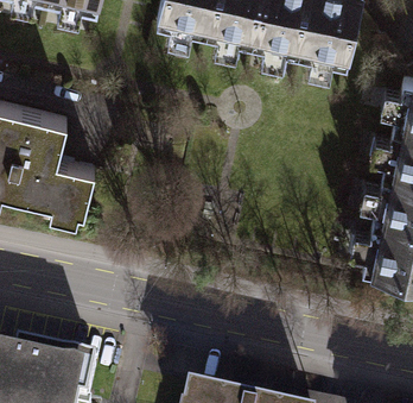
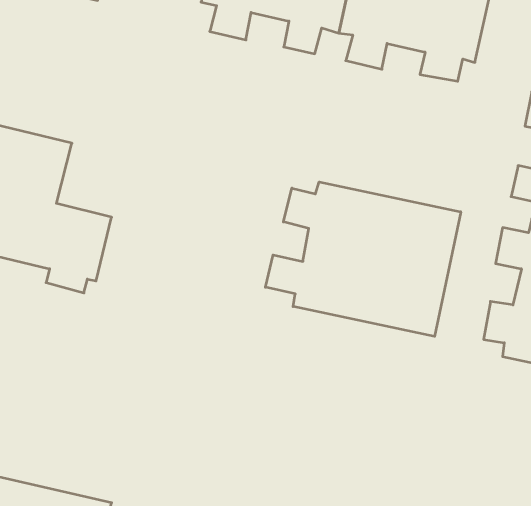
building: none -> [265,182,461,336]

